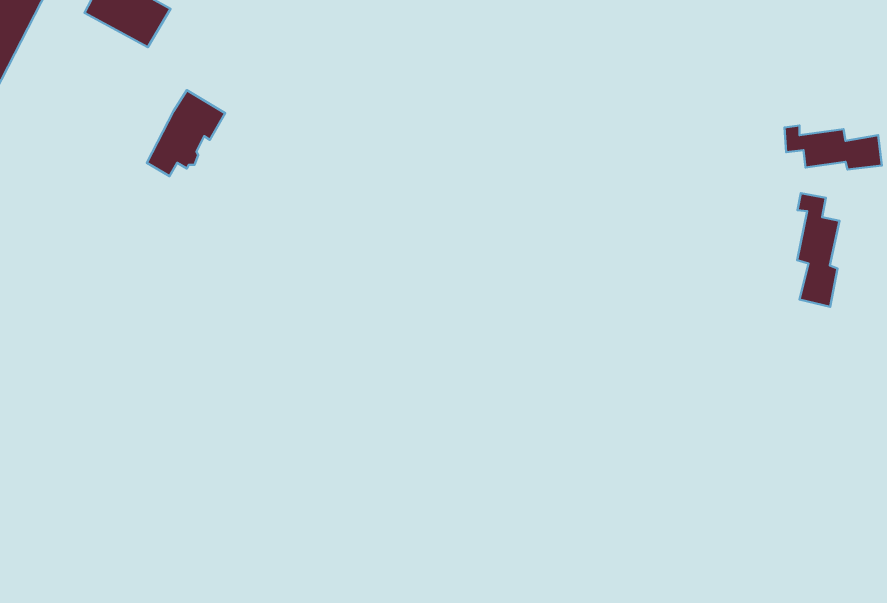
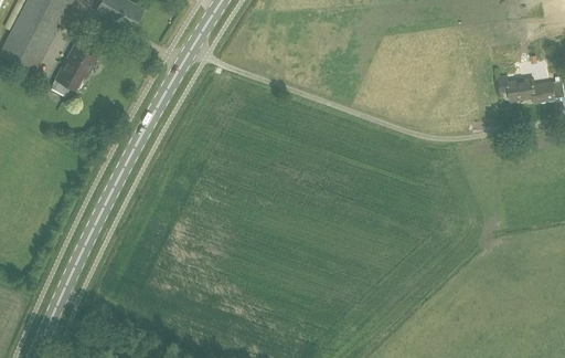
building: [147,90,225,176] -> [52,44,97,94]
building: [797,193,840,307] -> none

